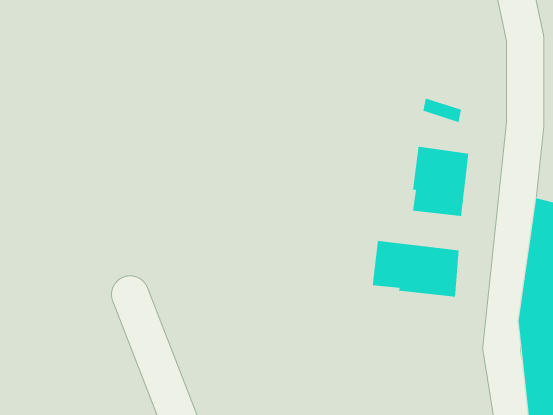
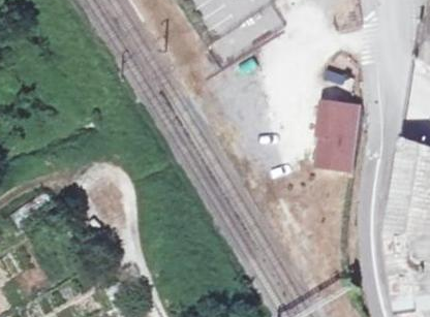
building: [372,240,459,297] -> none

